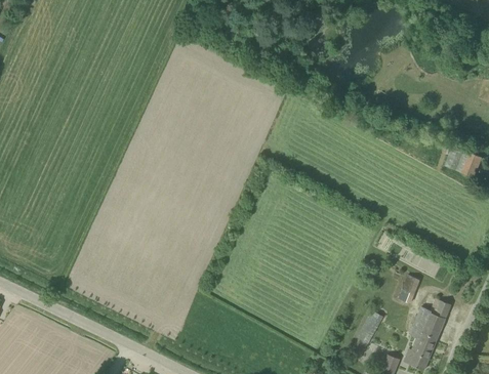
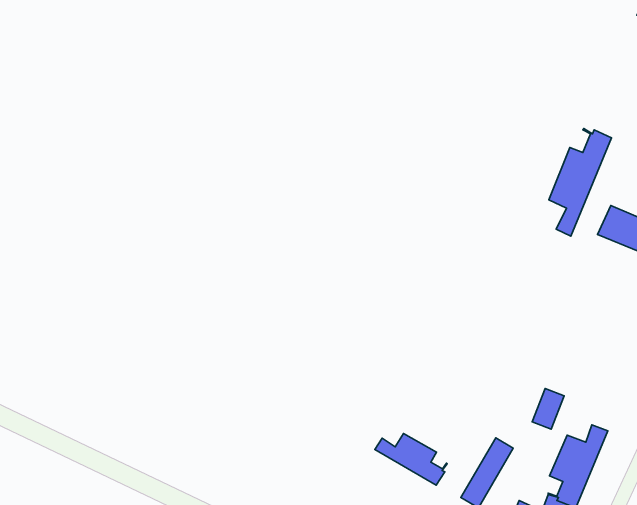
building: none -> [549,128,612,236]
building: none -> [375,434,447,485]

